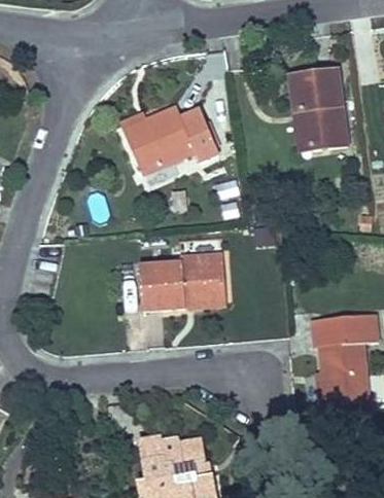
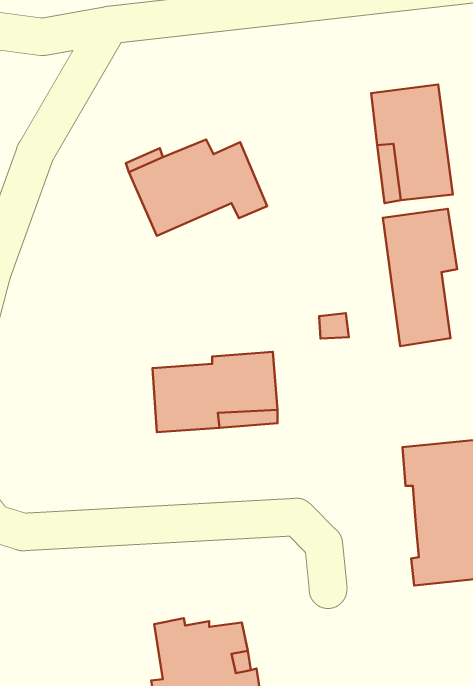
building: none -> [383,209,457,346]

